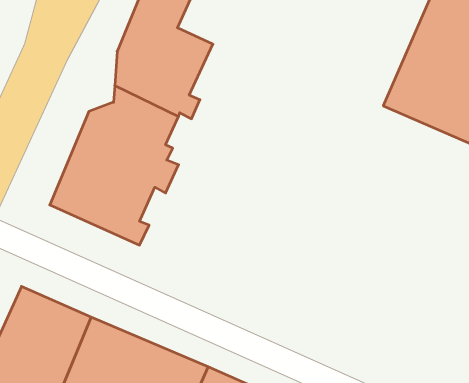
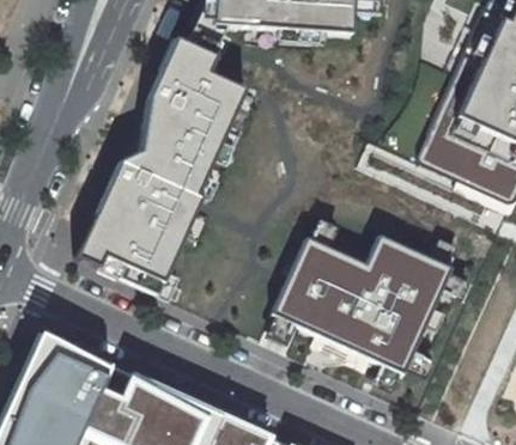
building: none -> [281,234,459,374]

